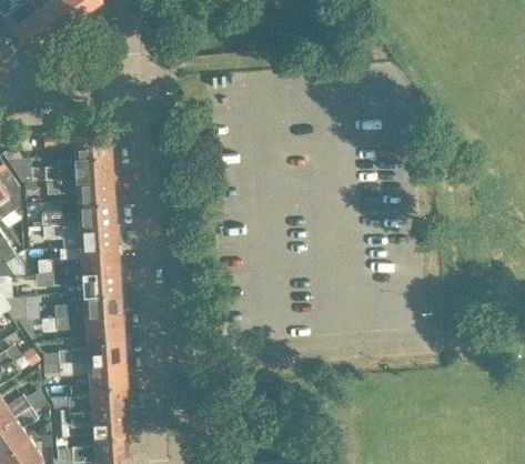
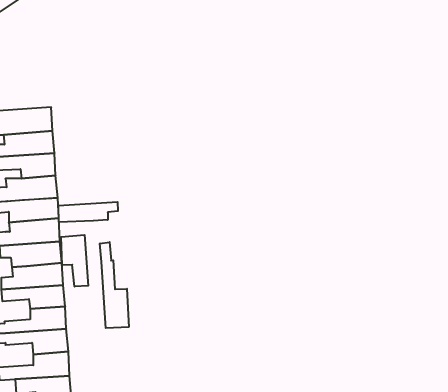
building: none -> [59,202,118,222]
building: none -> [61,235,88,287]
building: none -> [100,242,129,328]

